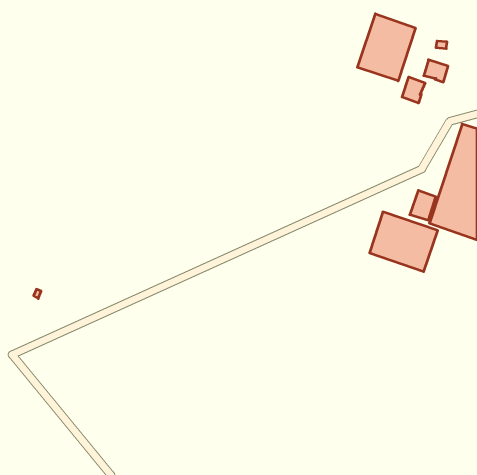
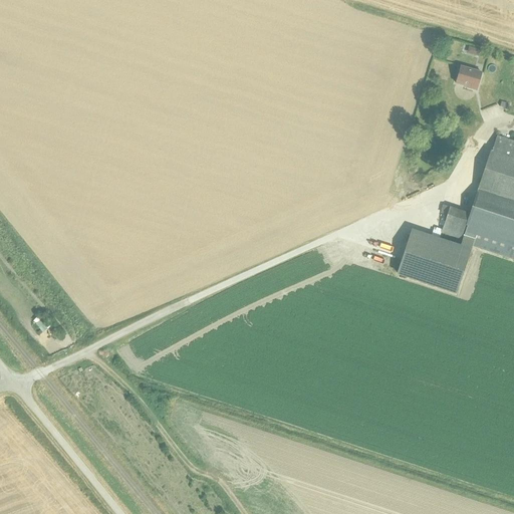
building: [357,14,415,81] -> none
building: [402,77,425,103] -> none

